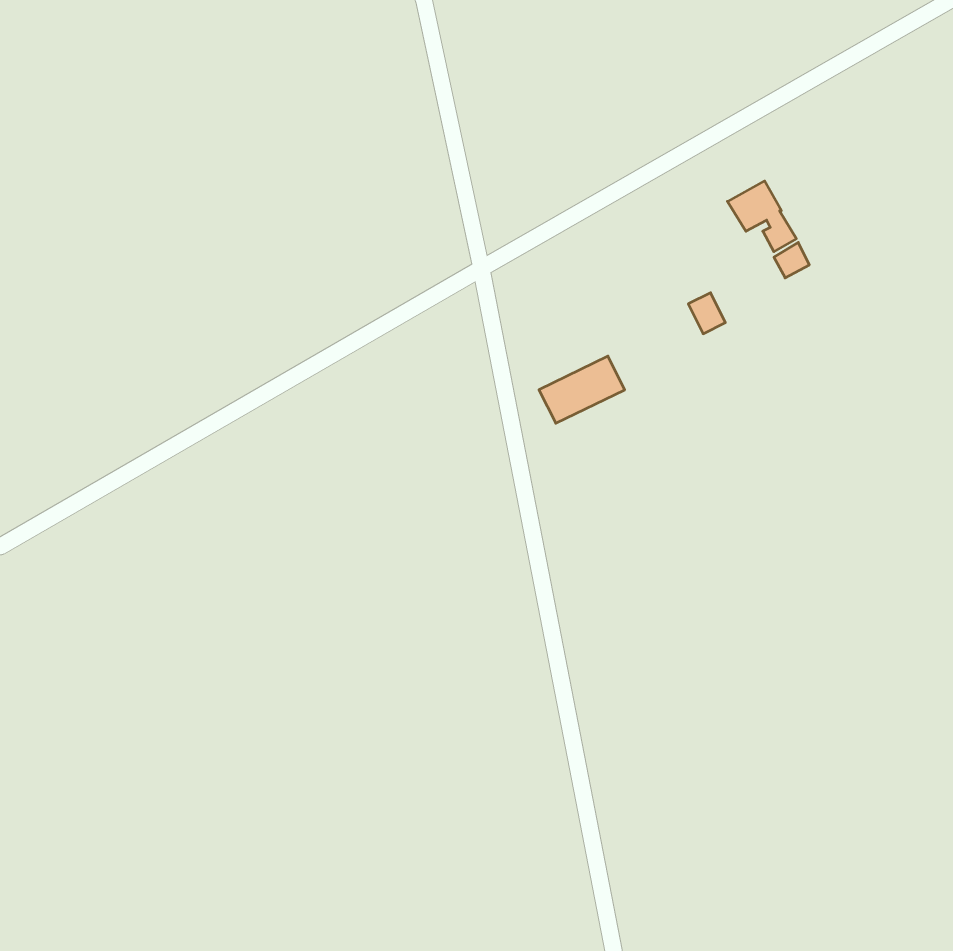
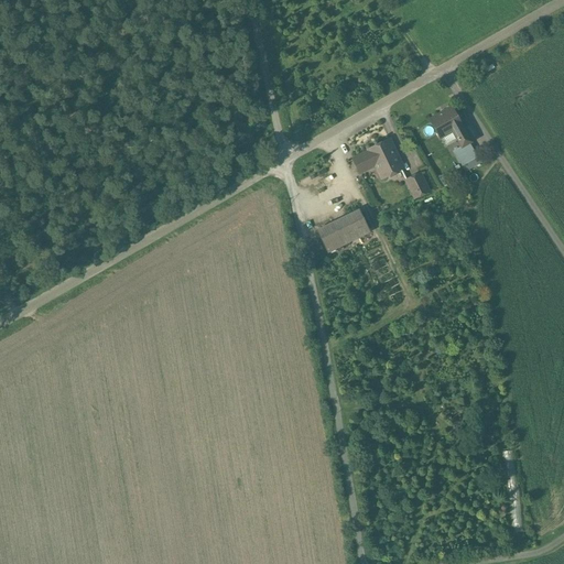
building: none -> [352,139,401,178]

